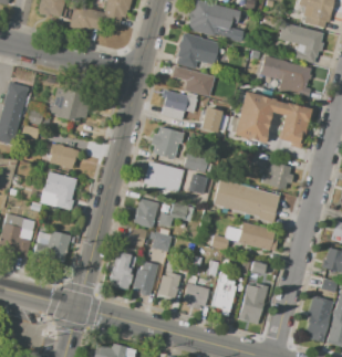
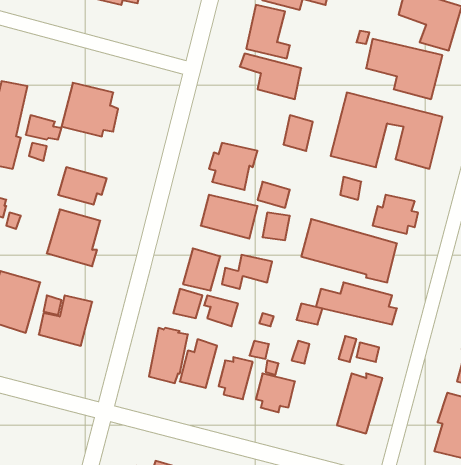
building: [160,88,198,118] -> none
building: [211,272,235,316] -> none

